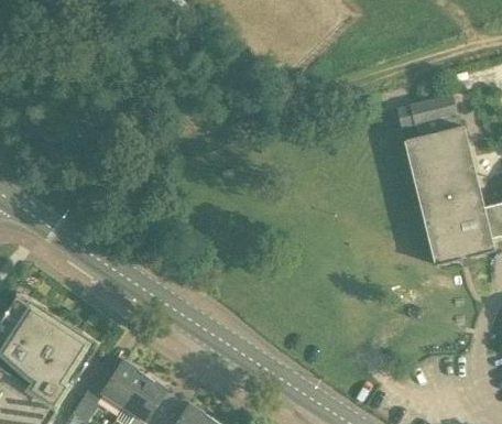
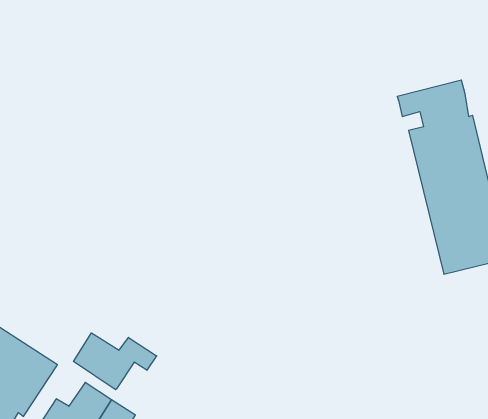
building: none -> [74,333,157,390]

